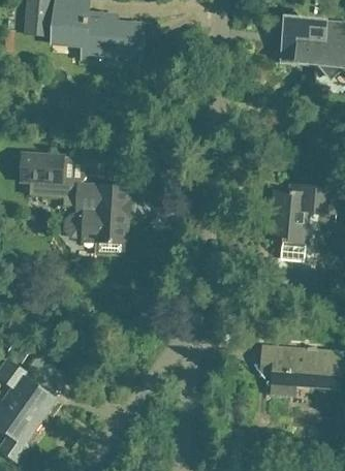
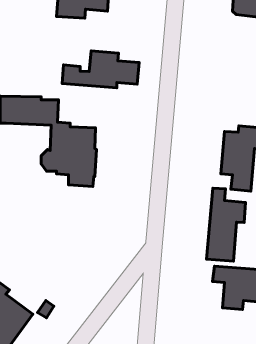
building: none -> [62,51,139,88]
building: none -> [206,188,246,261]

